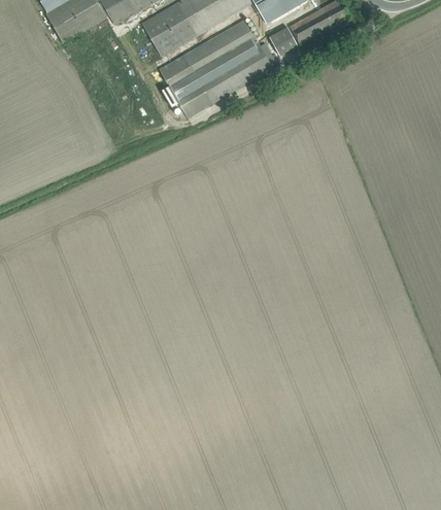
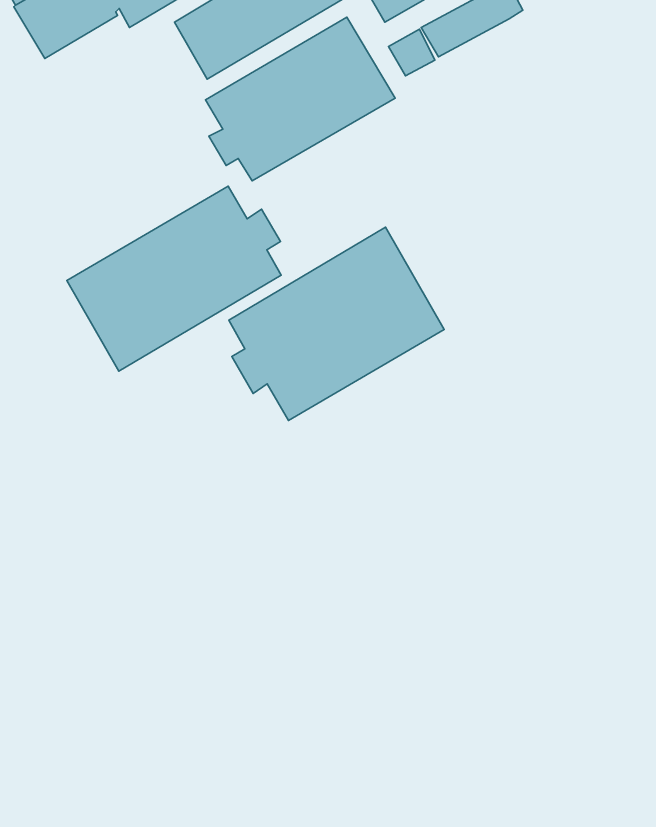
building: none -> [67,186,281,371]
building: none -> [229,227,444,420]

